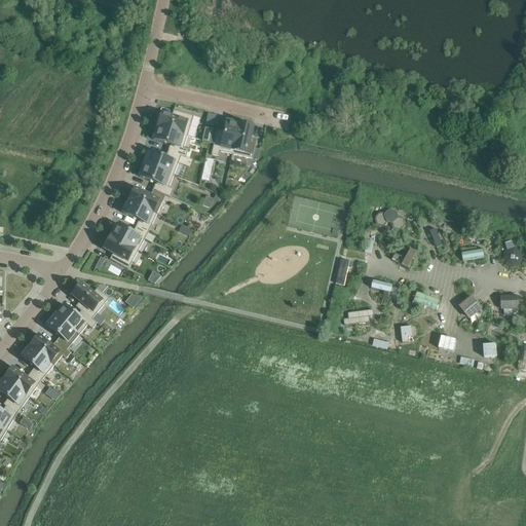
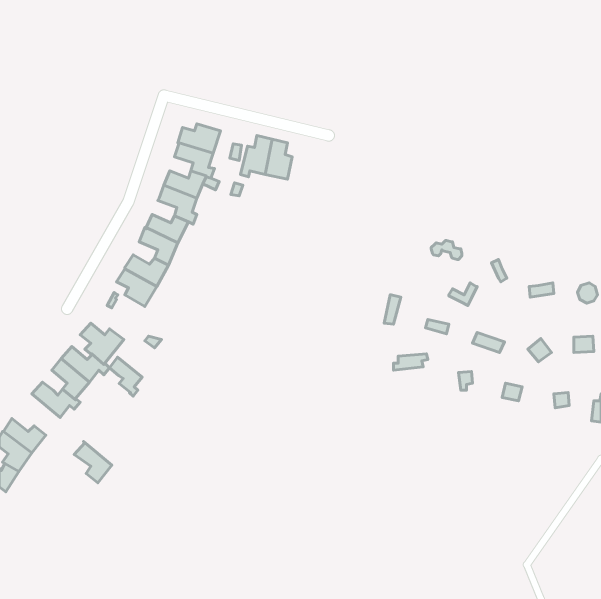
building: none -> [110,357,142,396]
building: [20,343,52,379] -> [74,442,112,483]

